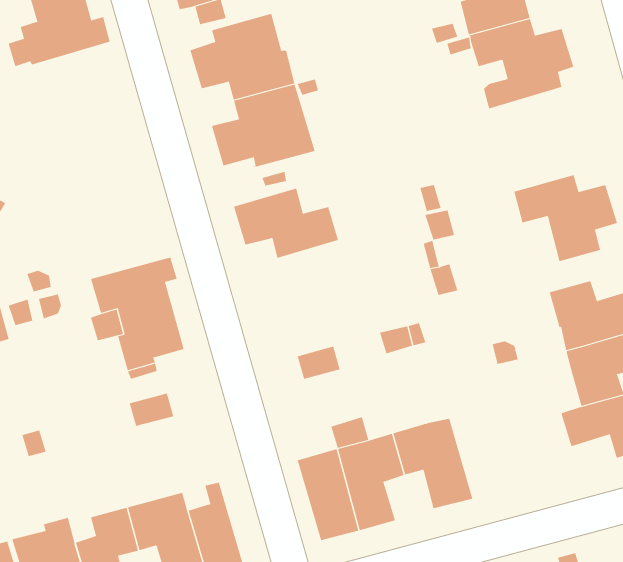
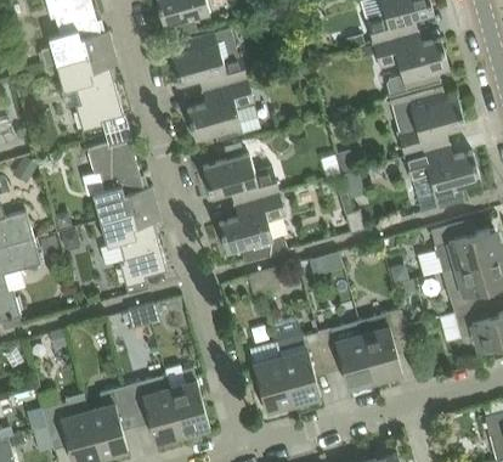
building: none -> [57,50,124,133]
building: none -> [390,89,465,158]
building: none -> [84,141,158,221]
building: none -> [219,193,288,264]
building: none -> [360,310,408,381]

